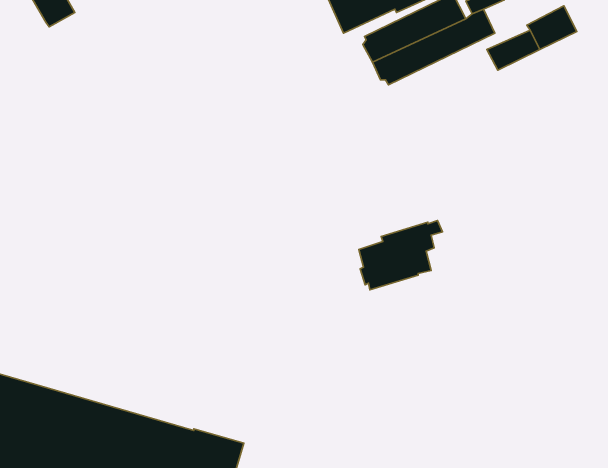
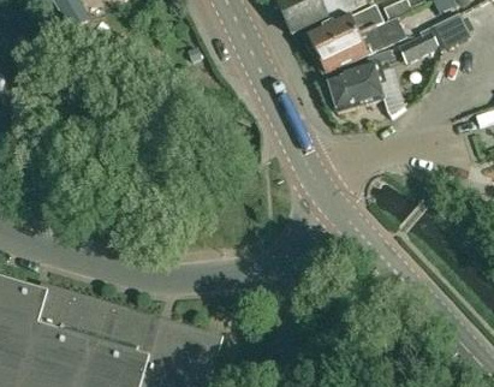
building: [359,221,442,290] -> [328,59,391,111]

